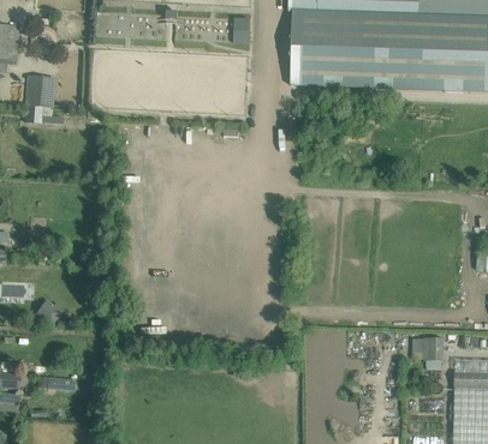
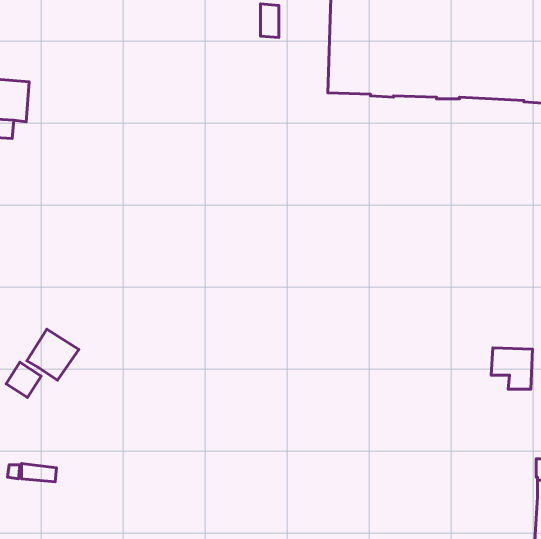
building: none -> [27,329,79,380]
building: [413,335,446,367] -> [491,348,533,389]

